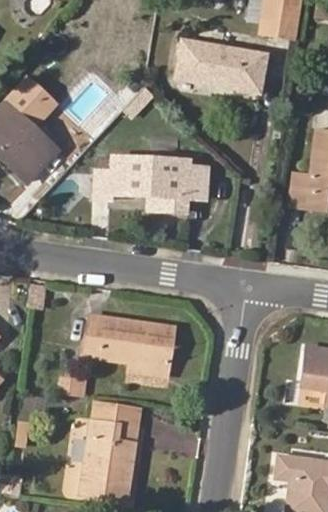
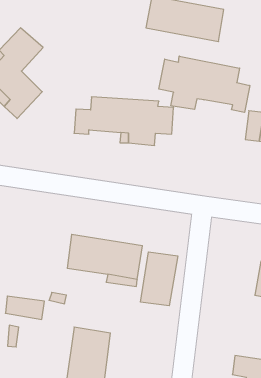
building: none -> [159,56,250,112]
building: none -> [141,252,178,306]
building: [93,402,138,429] -> [5,296,44,319]

